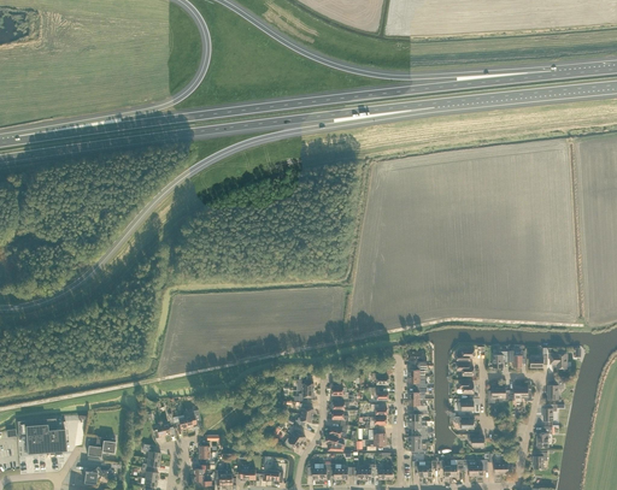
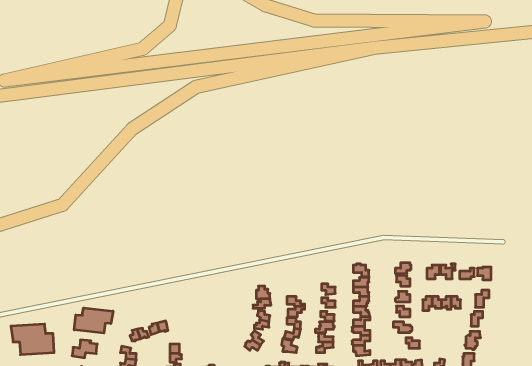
building: none -> [74,308,113,333]

